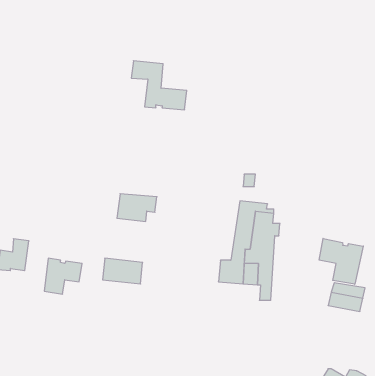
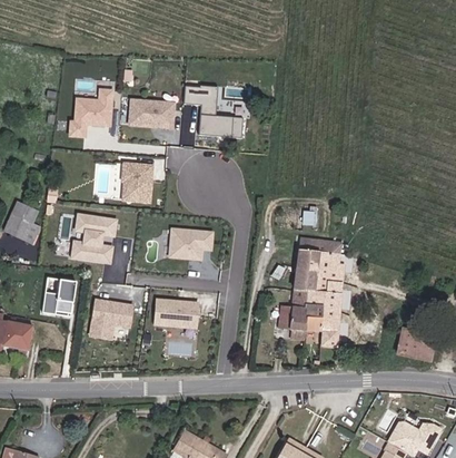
building: none -> [70,89,113,136]
building: none -> [130,99,176,127]
building: none -> [123,163,152,202]
building: none -> [72,214,116,262]
building: [319,238,363,284] -> none

